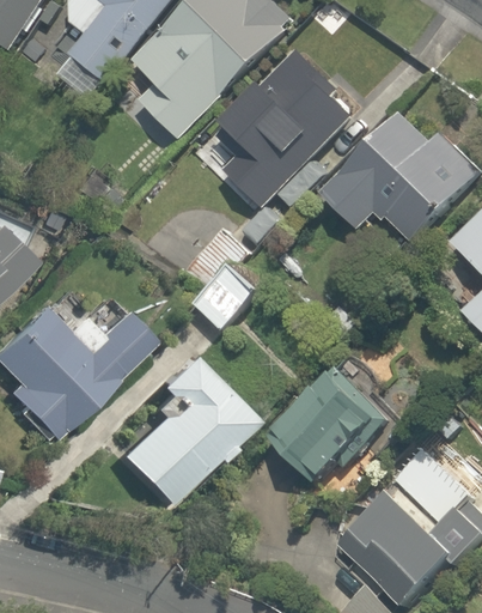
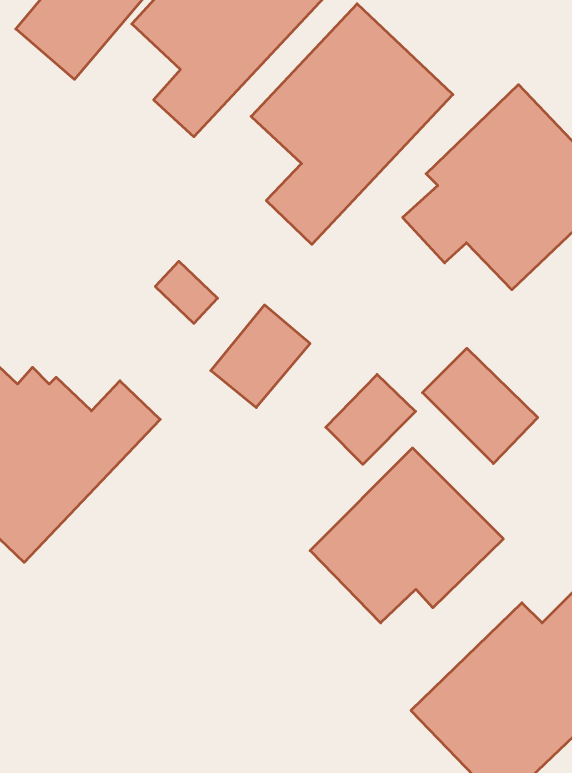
building: none -> [422,348,538,464]
building: none -> [326,374,416,464]
building: [114,342,246,496] -> none

